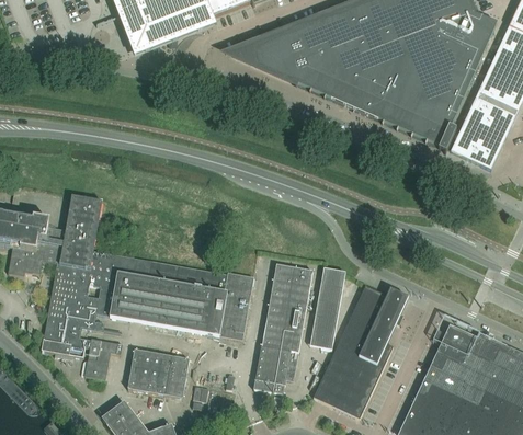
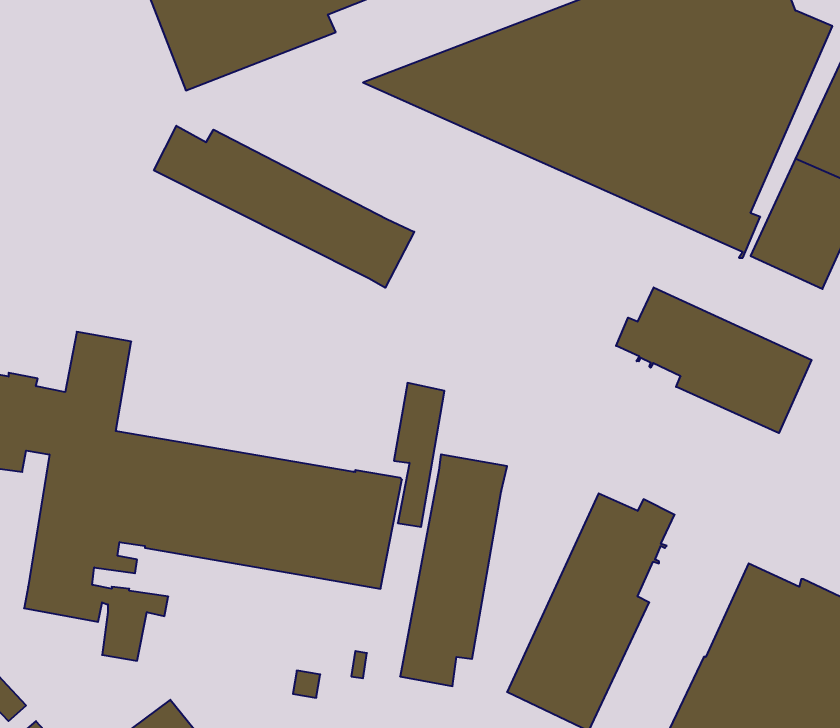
building: none -> [154,126,414,288]
building: none -> [616,287,812,433]
building: [316,267,344,348] -> [394,383,444,527]
building: [128,350,190,398] -> none

